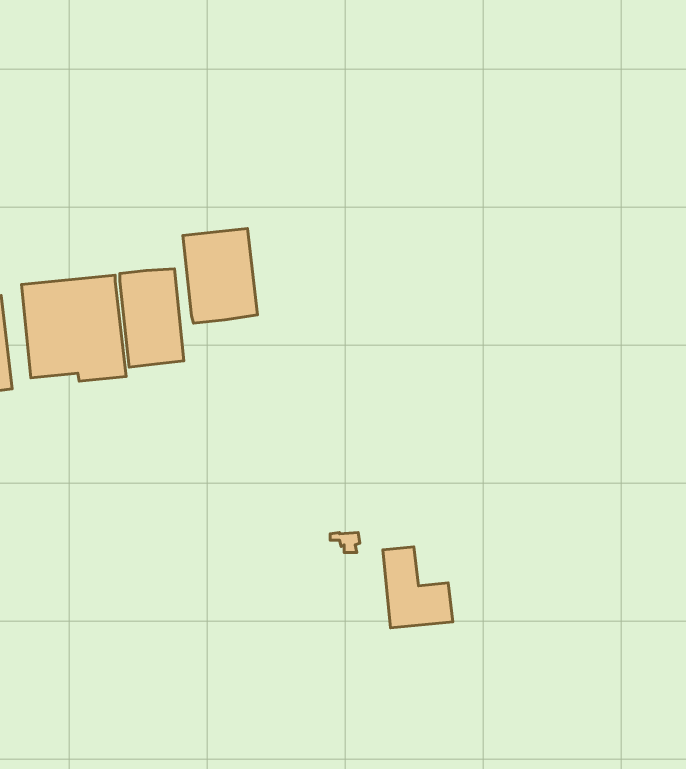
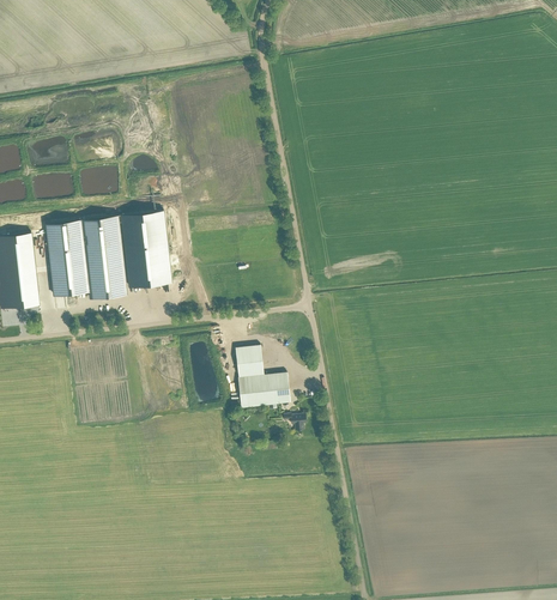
building: [183,229,258,323] -> none
building: [383,547,453,628] -> [235,345,289,407]

